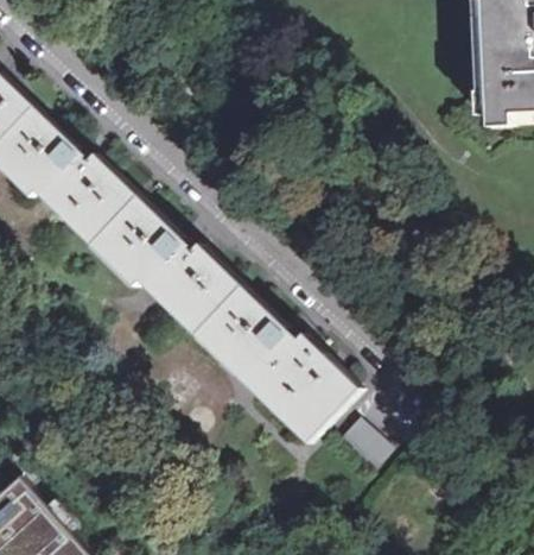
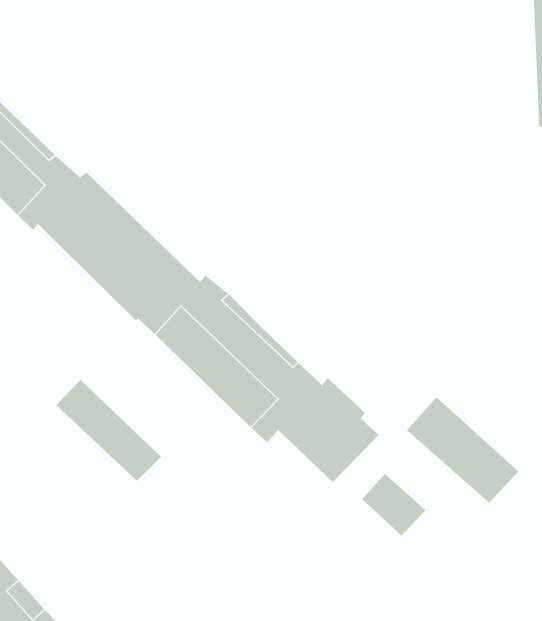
building: none -> [56,379,162,482]
building: none -> [406,397,519,503]

